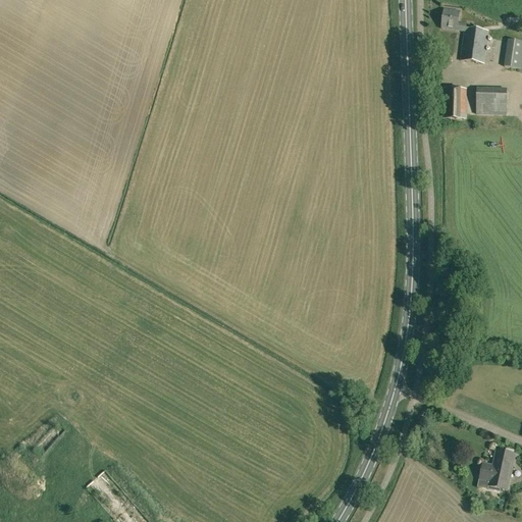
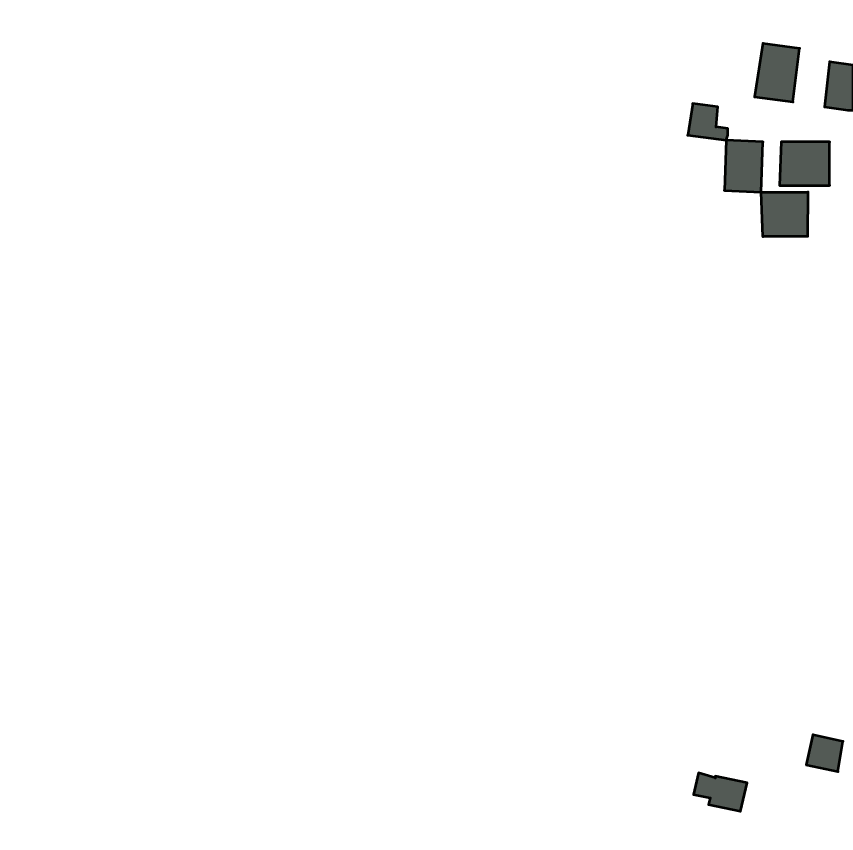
building: [441,7,466,30] -> [688,104,728,140]
building: none -> [761,192,808,237]
building: [479,465,512,488] -> [694,773,747,811]

